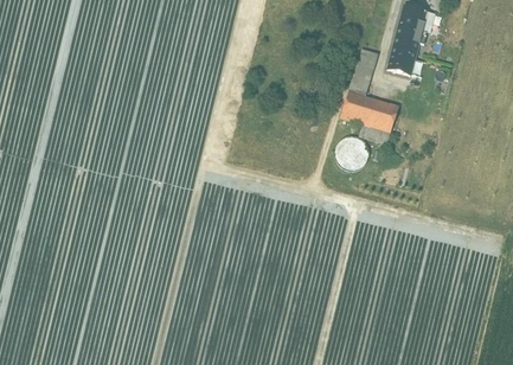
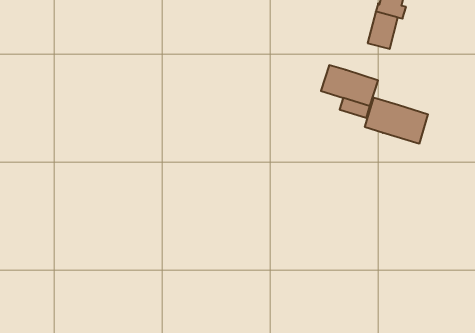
building: [348,47,378,95] -> none
building: none -> [365,98,428,144]

